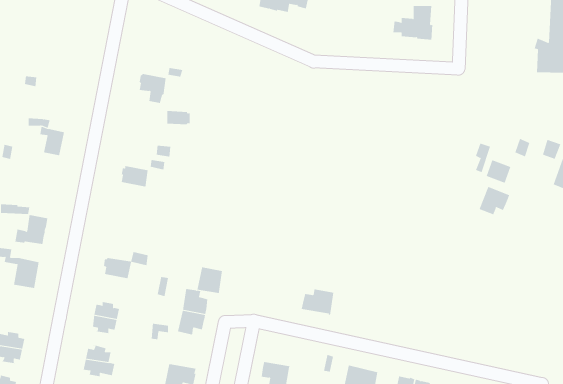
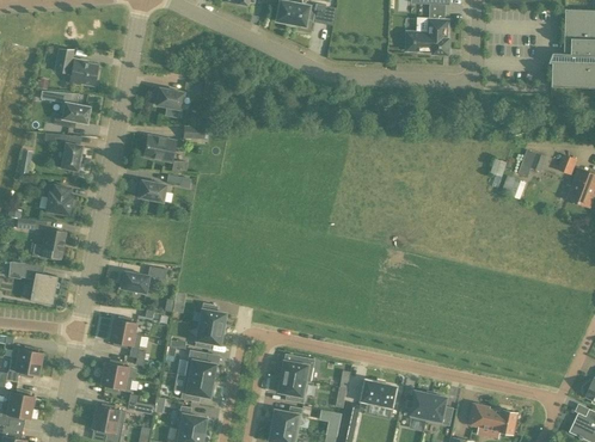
building: none -> [54,49,97,85]
building: none -> [53,102,88,127]
building: none -> [143,135,174,160]
building: none -> [44,184,72,214]
building: [479,186,510,215] -> none
building: [197,266,222,294] -> none
building: [301,289,334,315] -> [280,355,313,381]
building: none -> [184,349,215,380]

